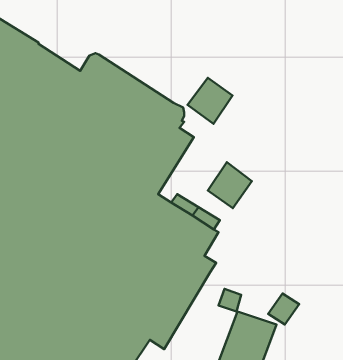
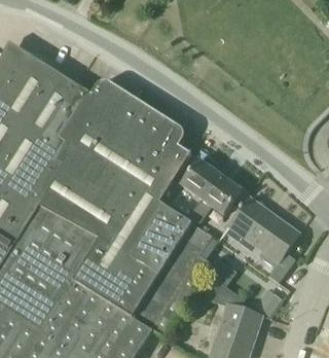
building: [188,78,233,124] -> [180,159,219,200]
building: none -> [228,196,299,283]

